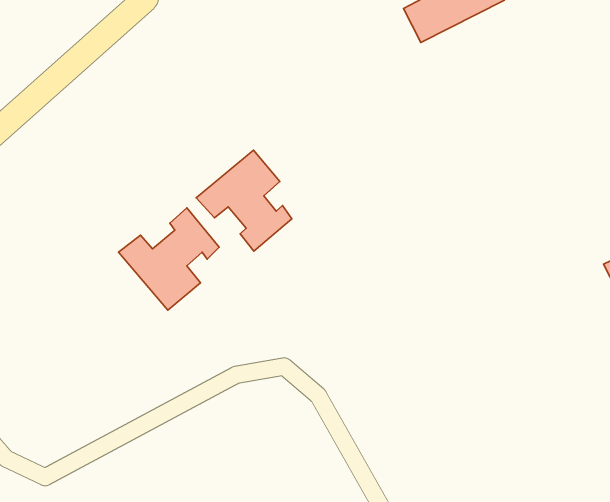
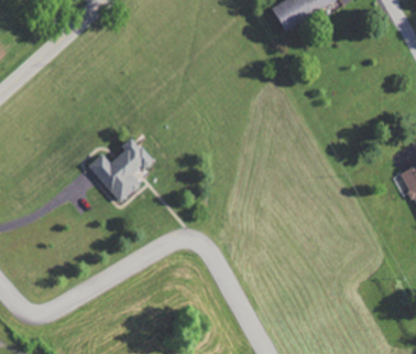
building: [196,150,292,251] -> none

